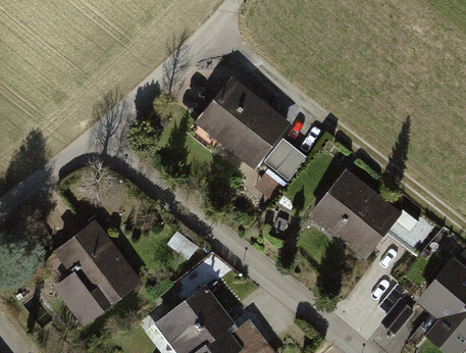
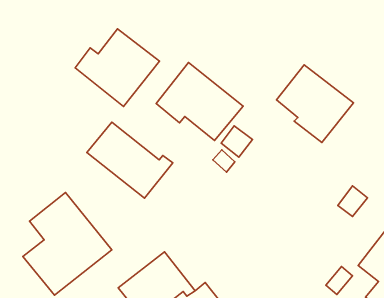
building: none -> [75,29,160,106]
building: none -> [87,122,173,198]
building: [315,171,400,257] -> [276,65,353,143]

